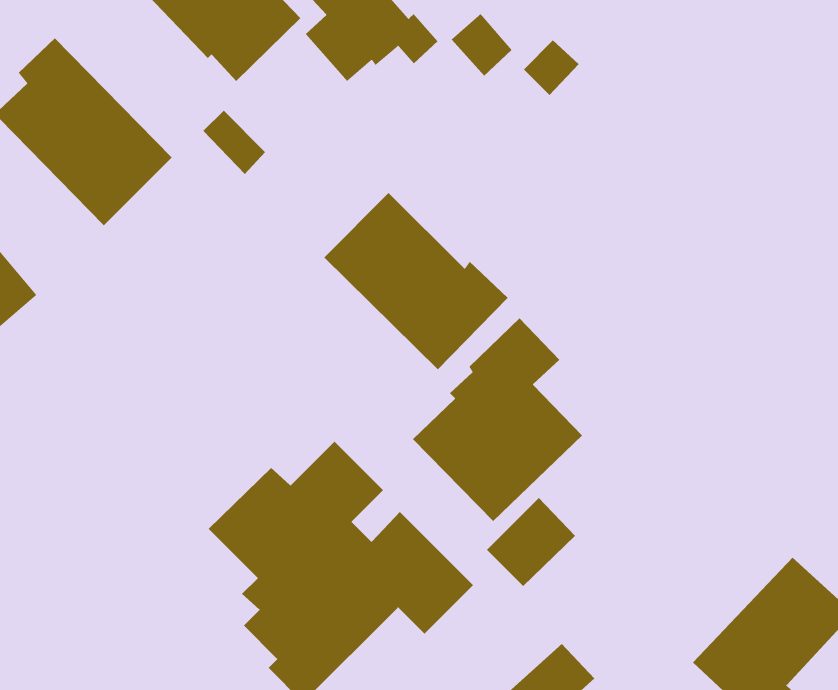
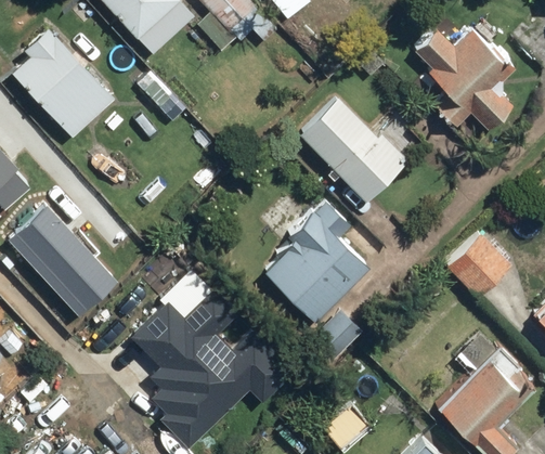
building: none -> [427,11,518,129]
building: [324,192,508,370] -> [295,95,408,205]
building: none -> [20,209,127,317]
building: none -> [445,233,512,300]

